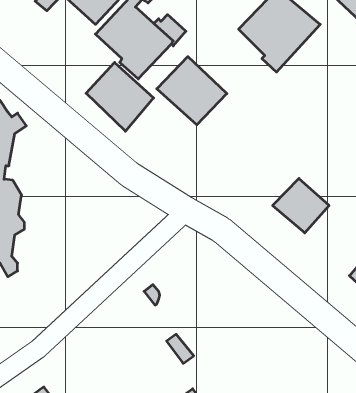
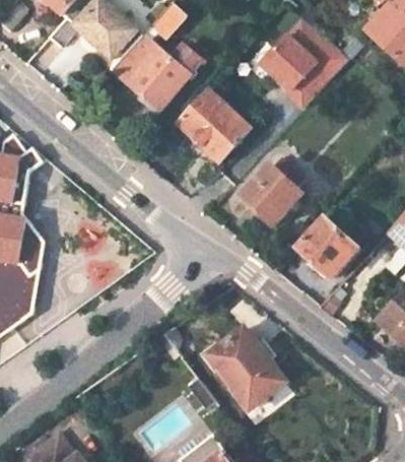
building: [86,62,154,131] -> none
building: none -> [243,164,302,224]
building: none -> [209,330,284,409]

